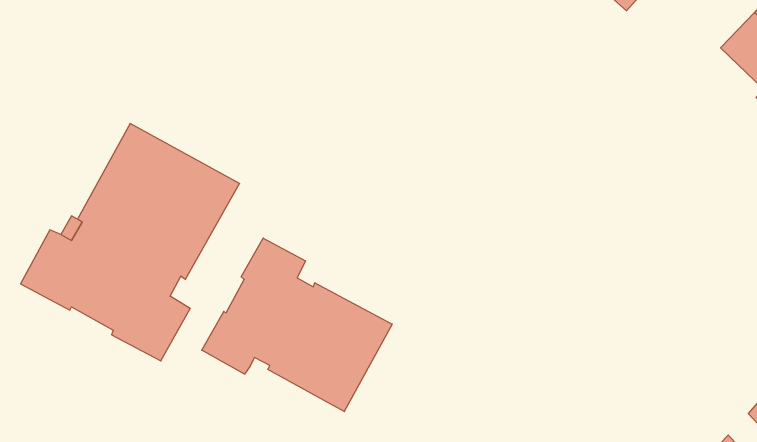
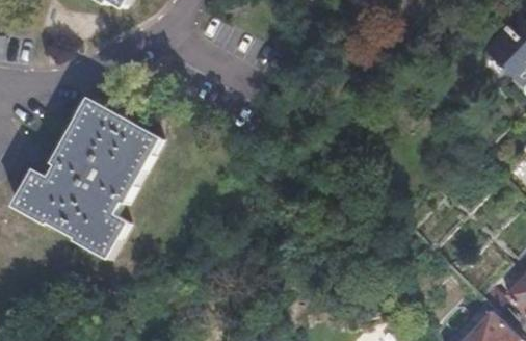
building: [202,238,392,412] -> none

